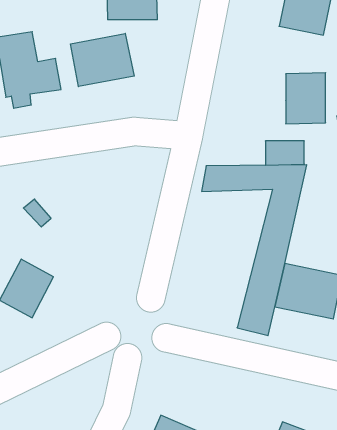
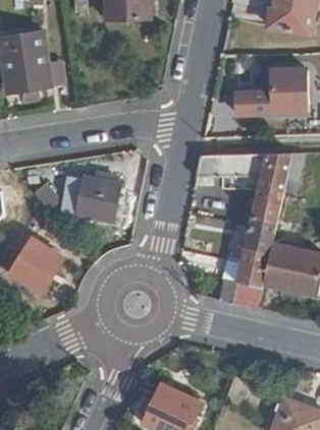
building: [71,33,134,87] -> none
building: [265,141,304,165] -> [236,95,272,117]
building: none -> [73,176,118,239]

